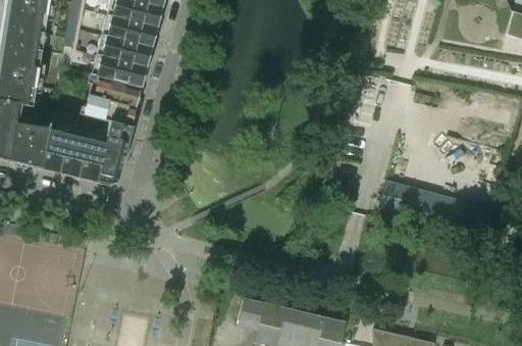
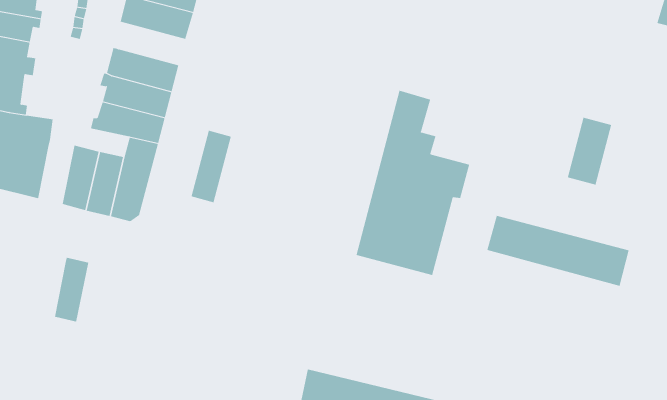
building: [96,34,151,66] -> none
building: none -> [356,90,470,276]
building: none -> [567,117,612,185]
building: none -> [191,130,232,203]
building: [40,122,66,171] -> [54,257,89,322]

